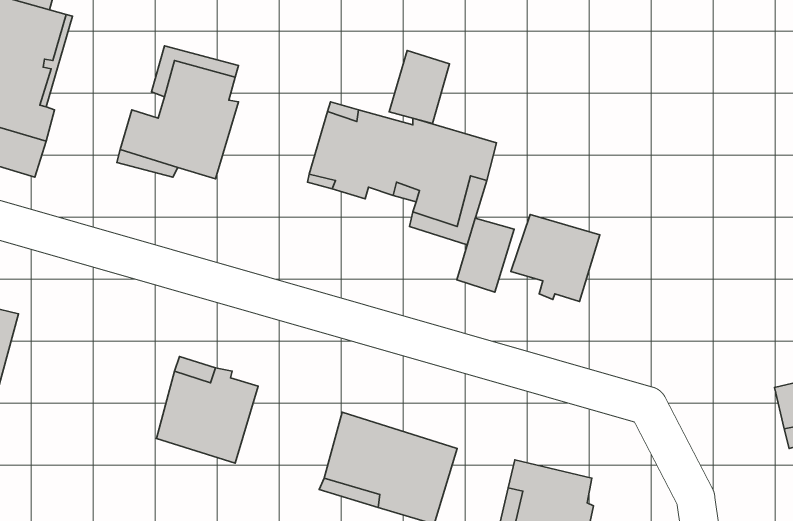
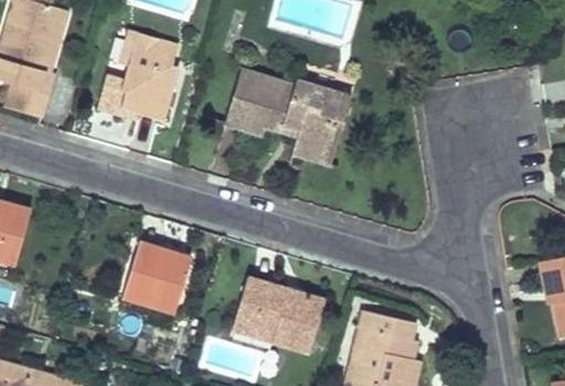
building: [389,50,450,124] -> none
building: [511,214,600,302] -> none
building: [457,218,514,292] -> none

